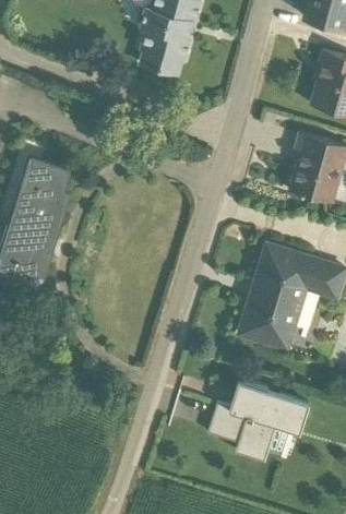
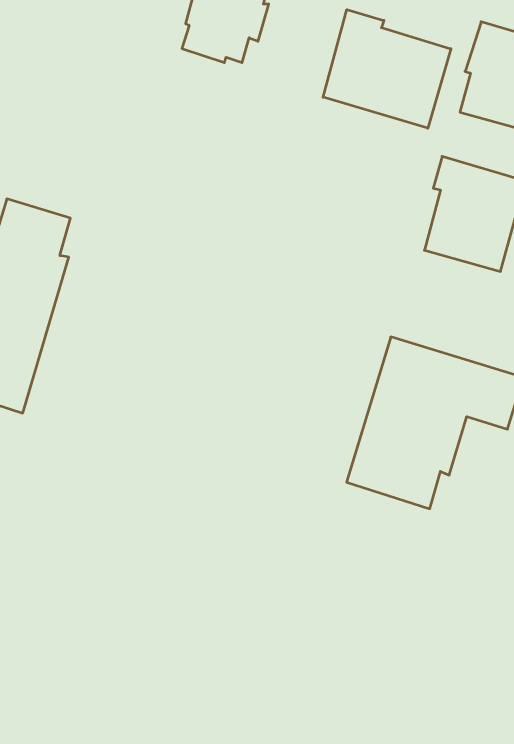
building: none -> [323,10,451,128]
building: [208,378,308,461] -> none

